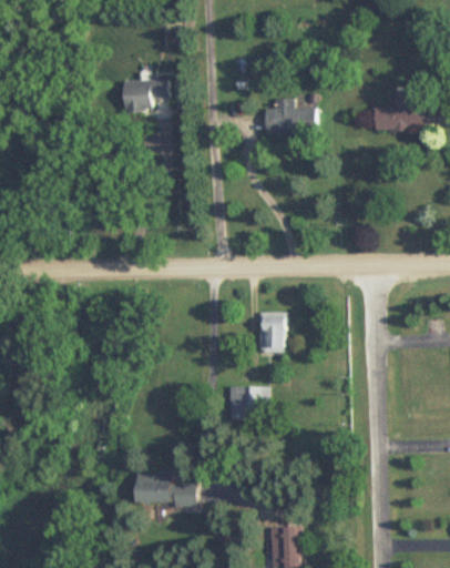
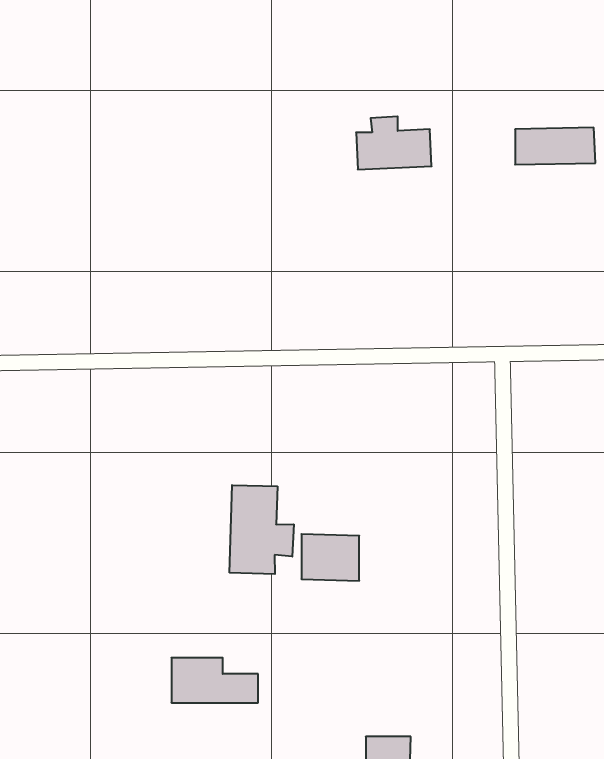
building: [123,80,168,113] -> none
building: [257,313,287,353] -> none
building: none -> [230,485,294,574]

